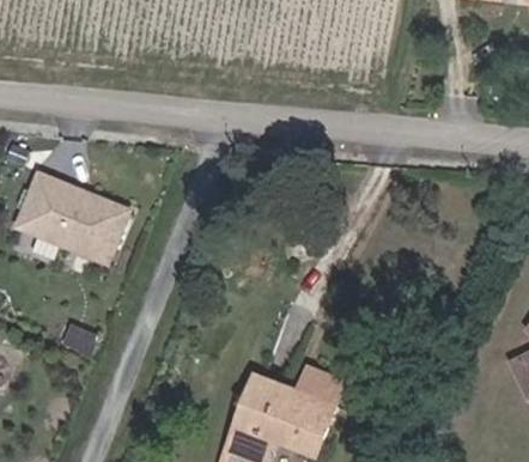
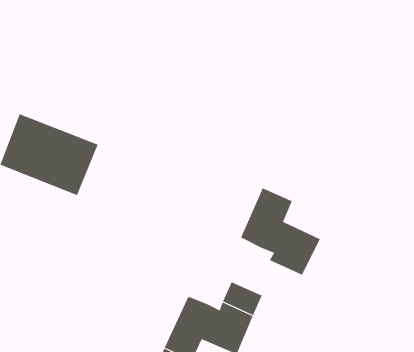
building: none -> [240,188,320,275]

